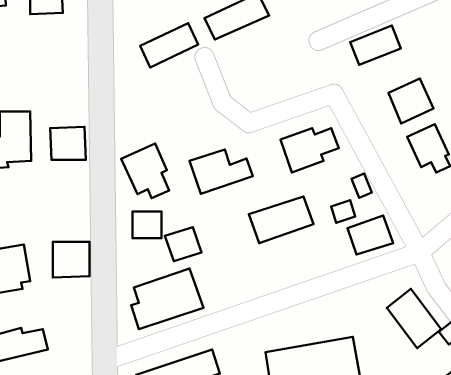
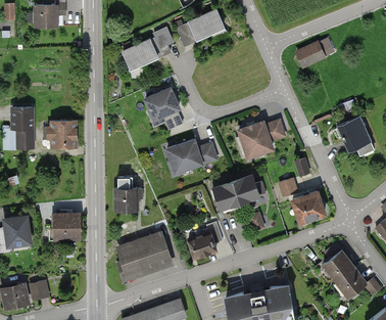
building: [389,78,434,123] -> none
building: [121,144,169,198] -> [141,84,180,128]
building: [165,227,202,261] -> [189,232,219,260]

